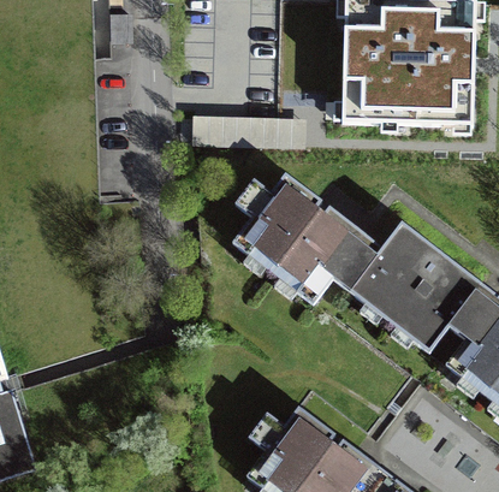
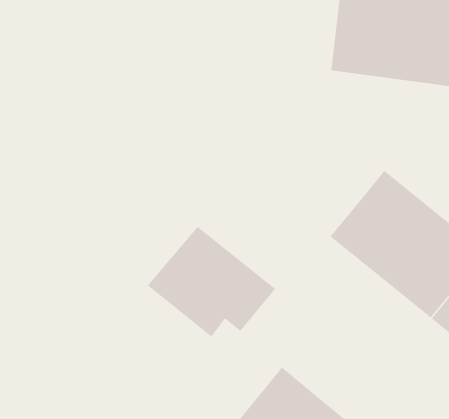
building: [243,183,367,289] -> [147,226,276,337]

